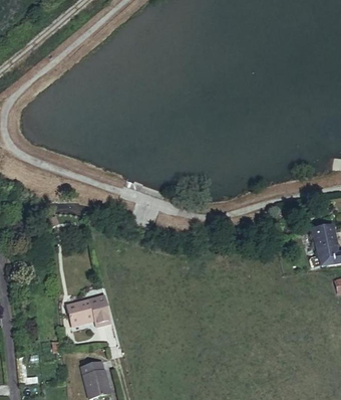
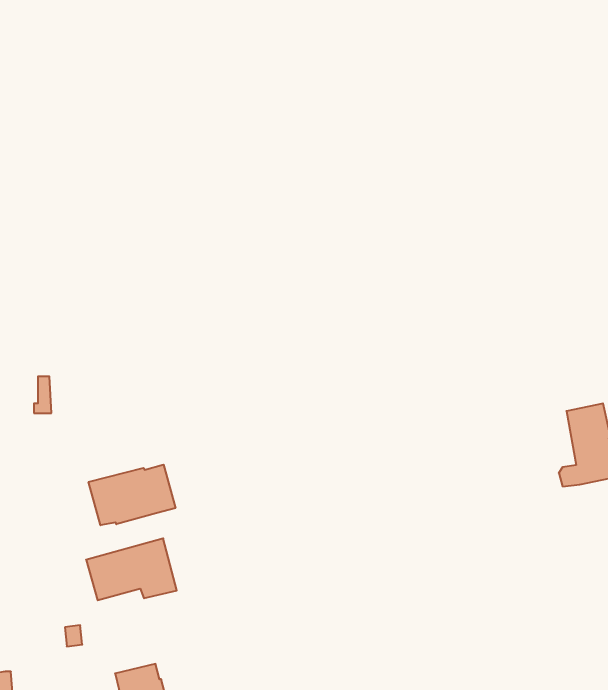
building: none -> [89,465,175,525]

